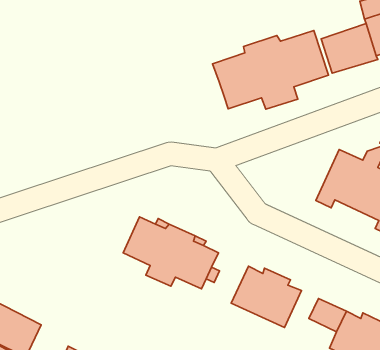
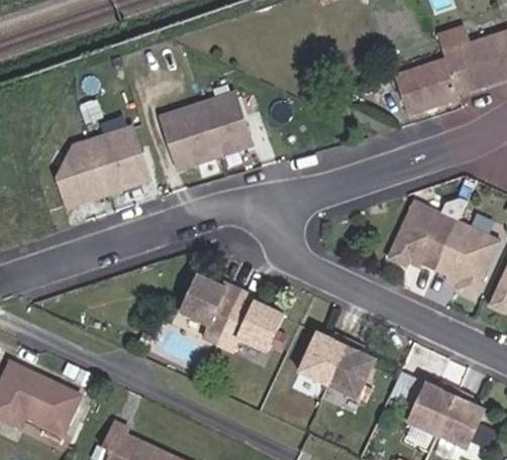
building: [213,30,329,109] -> none
building: none -> [169,93,257,167]
building: none -> [53,121,154,206]

